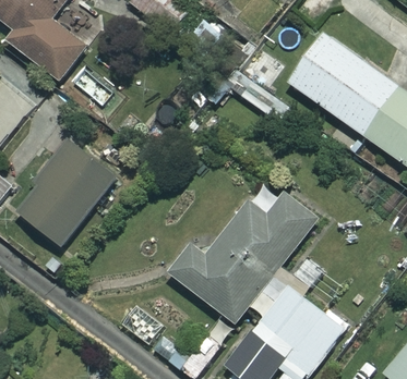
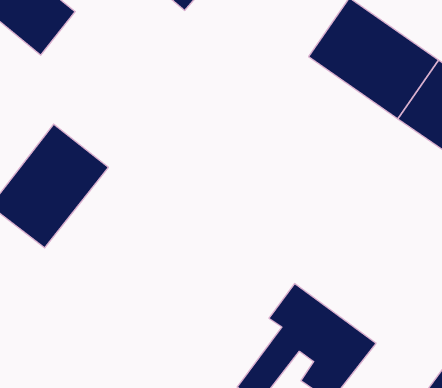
building: [168,187,320,323] -> none

